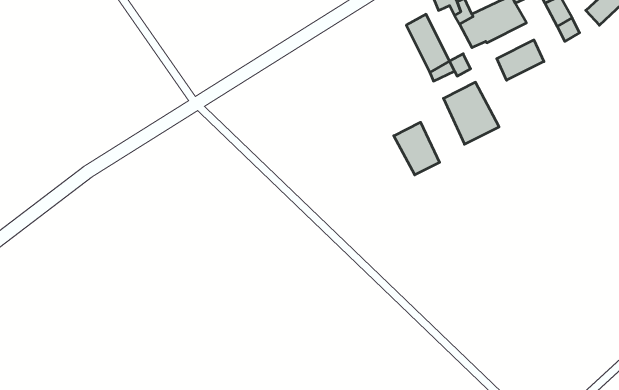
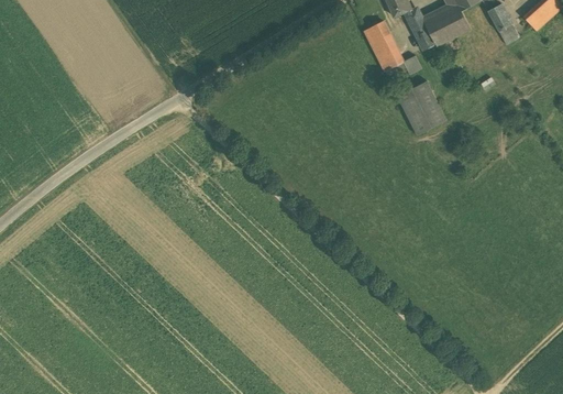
building: [497,40,544,80] -> none
building: [394,122,440,175] -> none

